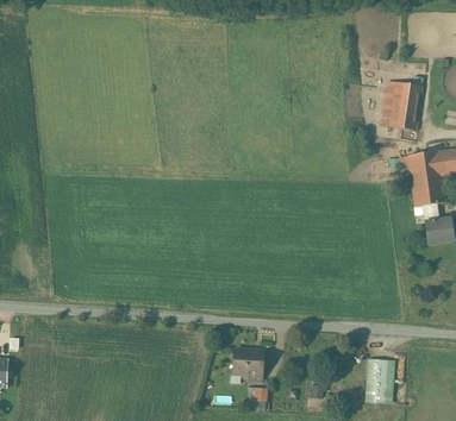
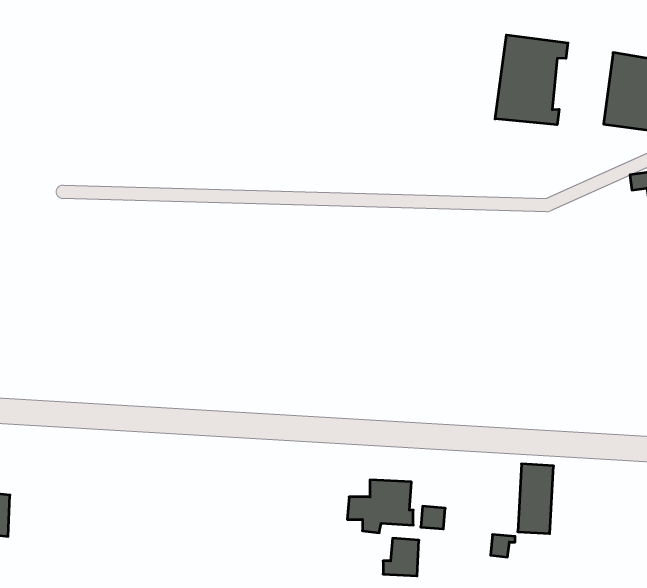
building: none -> [495,35,568,125]
building: [366,357,388,401] -> [518,464,554,534]

